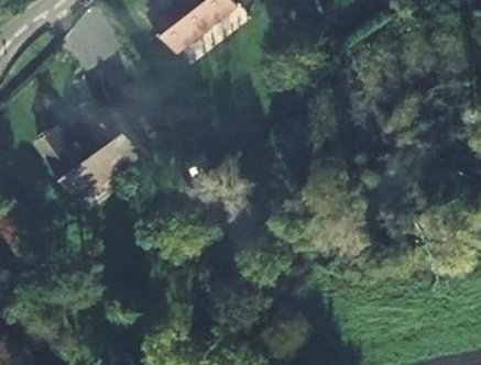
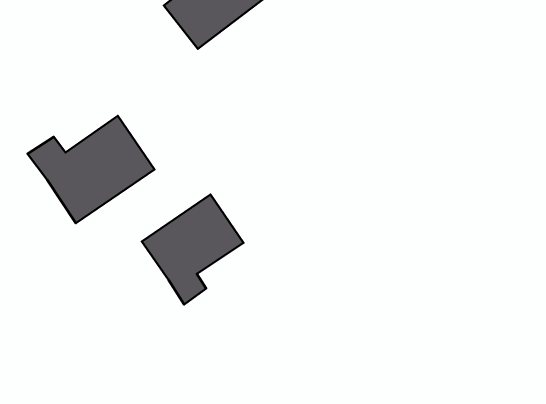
building: none -> [142,195,243,305]

